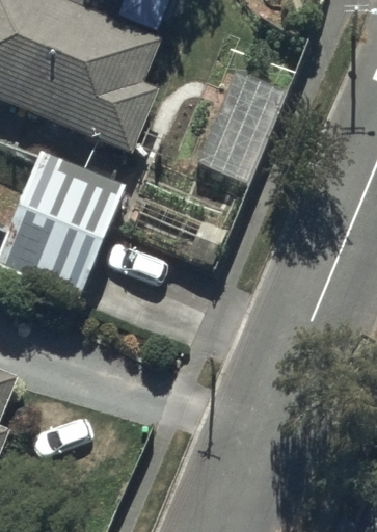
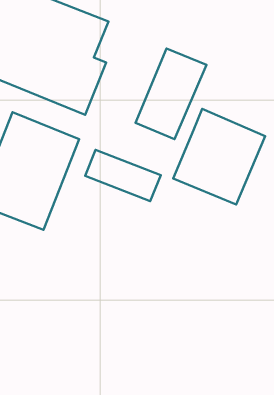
building: none -> [173,109,265,205]

